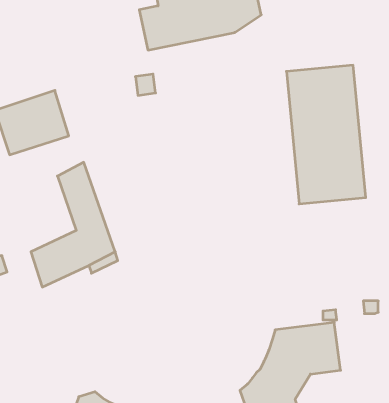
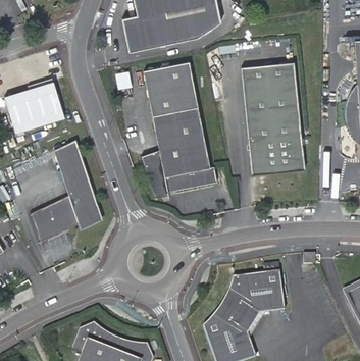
building: none -> [141,62,215,194]

